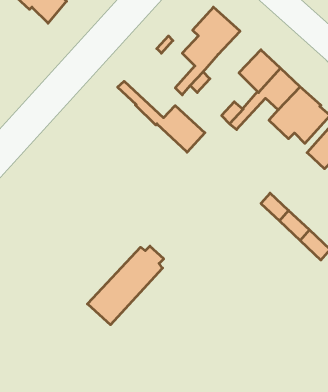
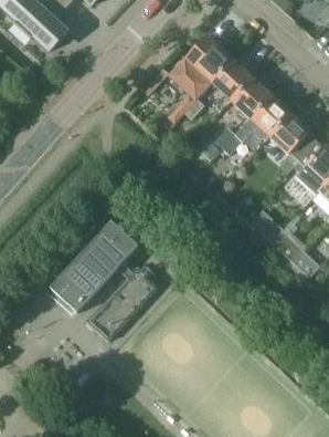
building: none -> [211,60,252,100]
building: [118,81,205,152] -> none
building: none -> [50,221,138,312]

